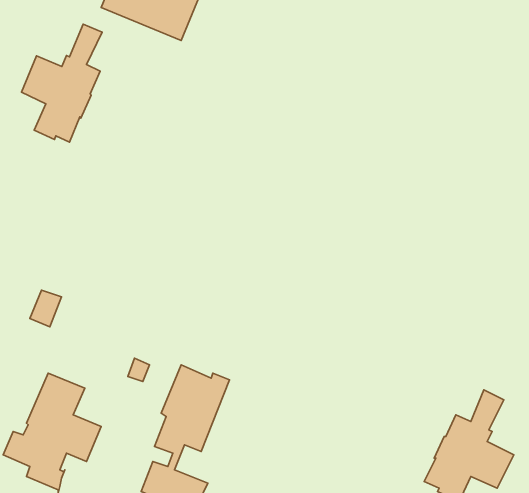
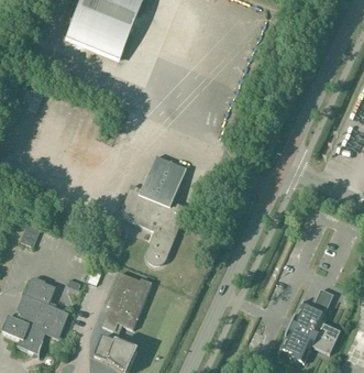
building: [22,24,102,142] -> none
building: none -> [119,154,186,263]

